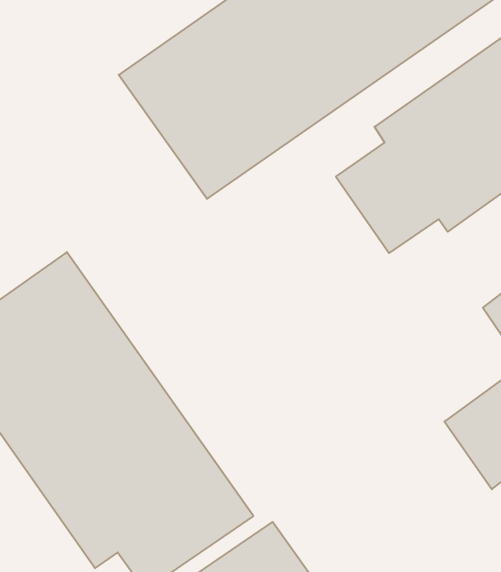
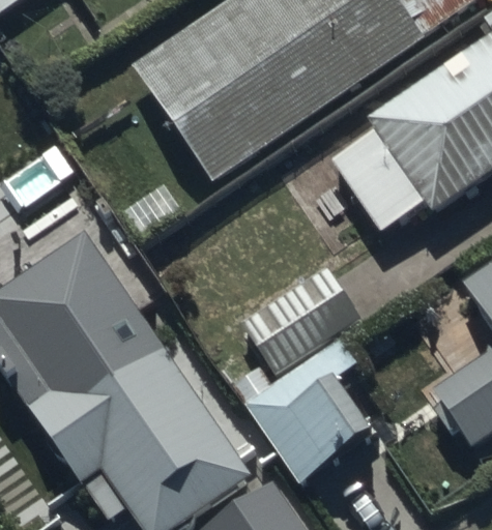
building: none -> [238,262,363,374]
building: none -> [250,356,382,491]

